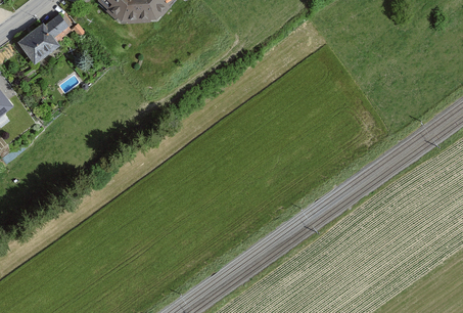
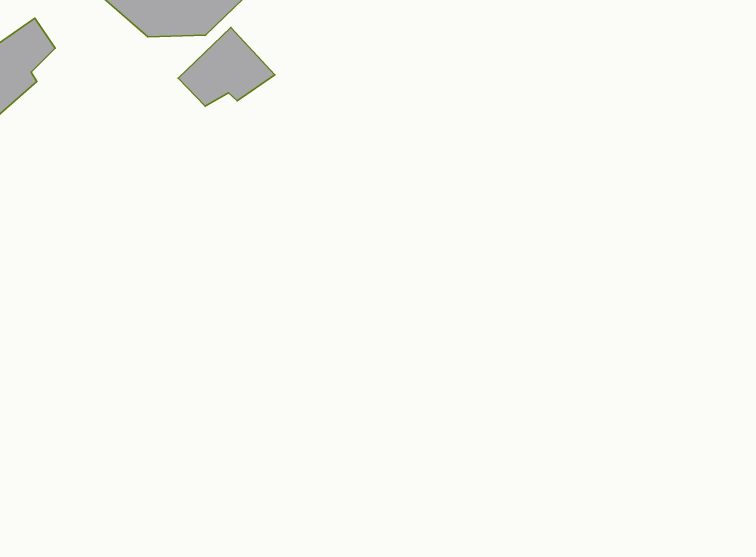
building: none -> [178,27,275,106]

